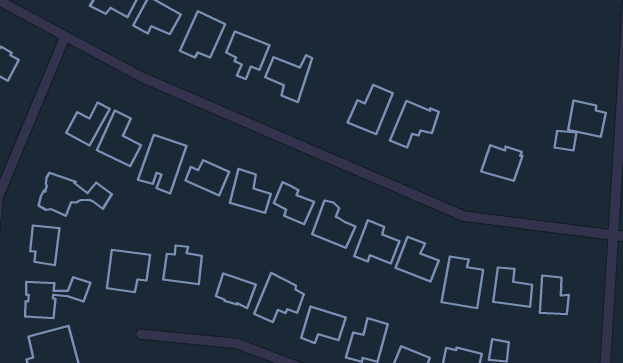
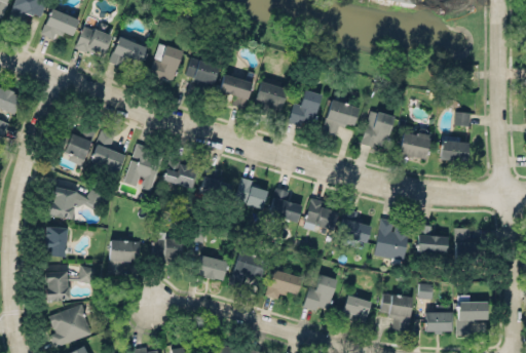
building: none -> [253,83,288,116]
building: [568,101,606,137] -> [440,136,468,163]
building: none -> [361,109,393,147]

